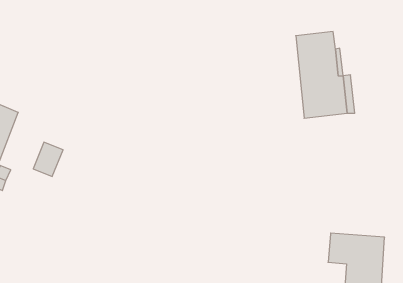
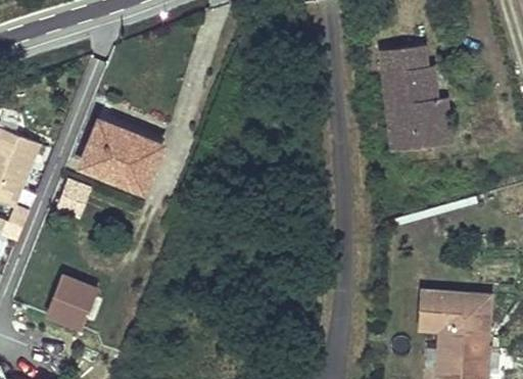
building: none -> [82,121,160,190]
building: none -> [49,276,96,327]

